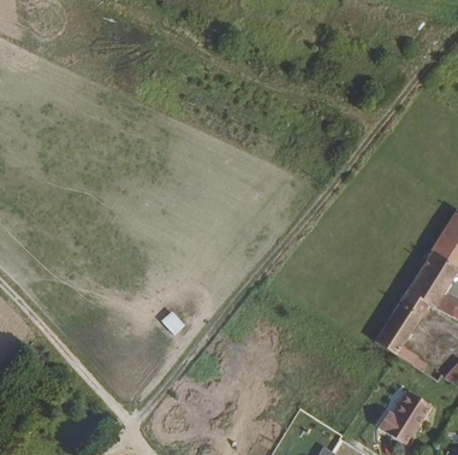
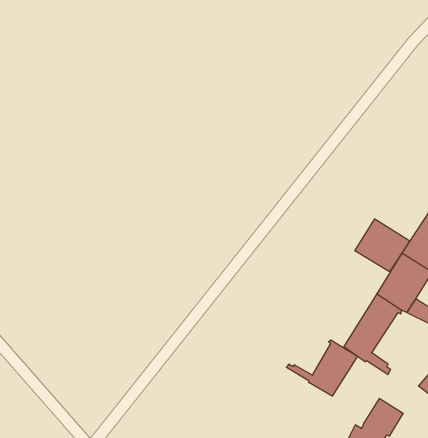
building: none -> [355,219,410,272]
building: none -> [286,340,357,396]

